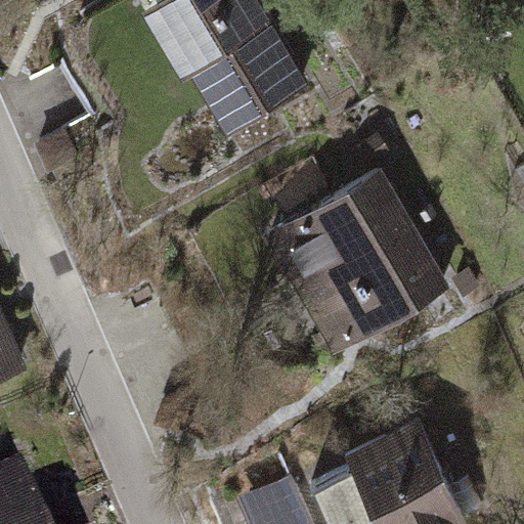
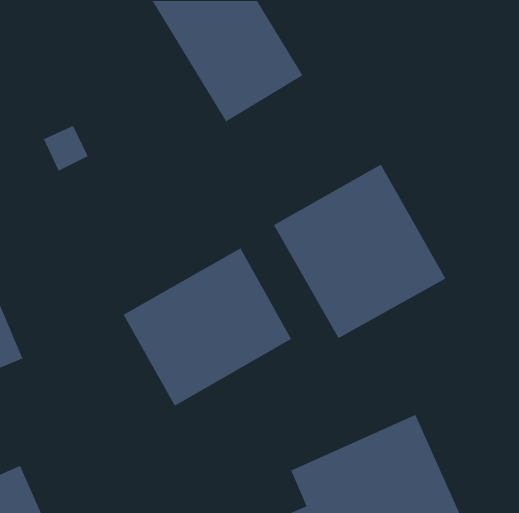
building: none -> [122,247,292,407]

